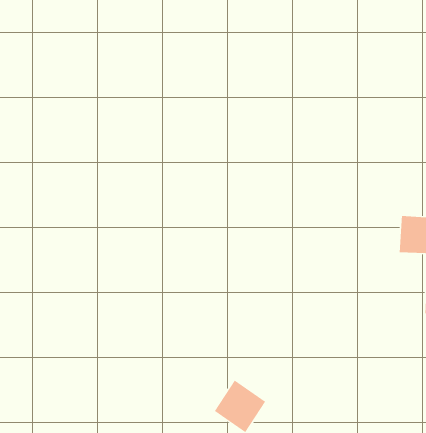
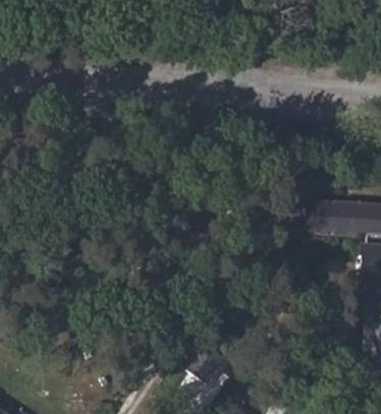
building: none -> [307,200,339,234]

